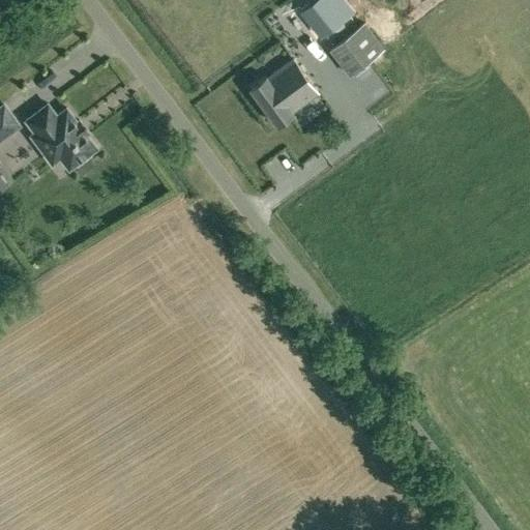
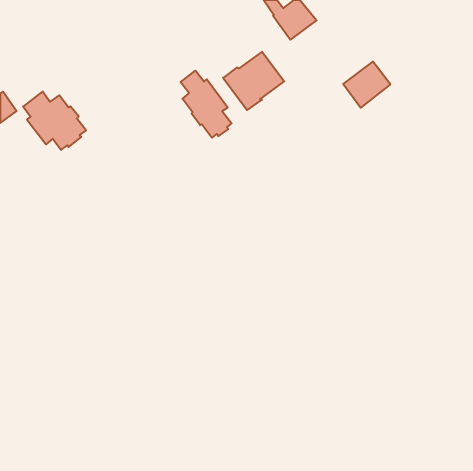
building: [330,25,383,77] -> [343,62,390,108]
building: none -> [181,71,232,138]

